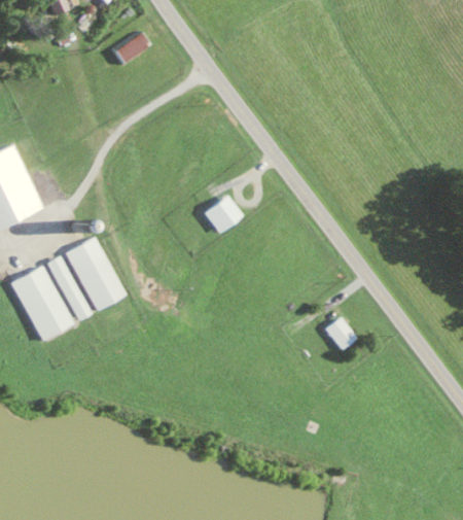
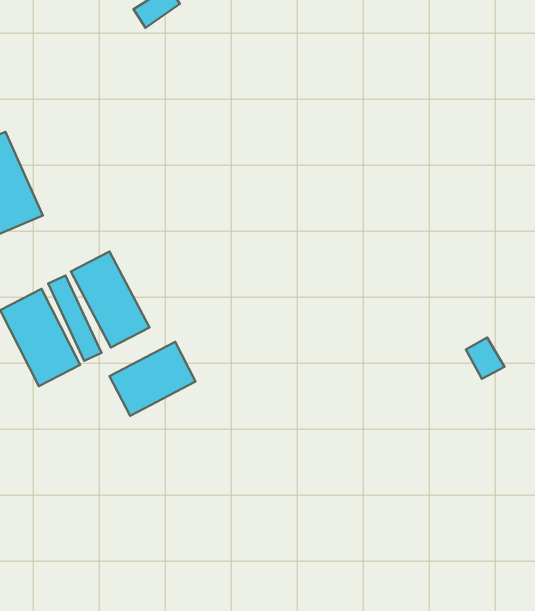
building: [203,195,243,233] -> none
building: none -> [110,342,196,416]
building: [326,317,356,349] -> [466,338,504,379]

